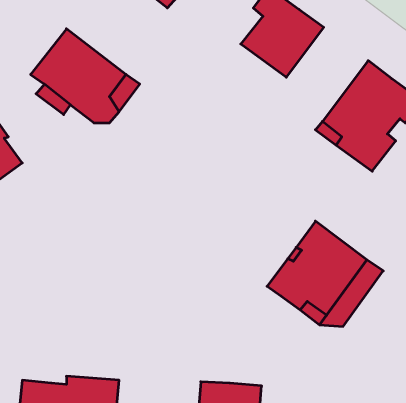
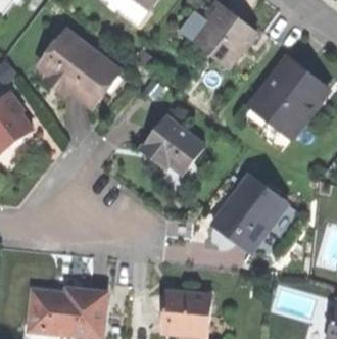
building: none -> [141,117,206,175]

